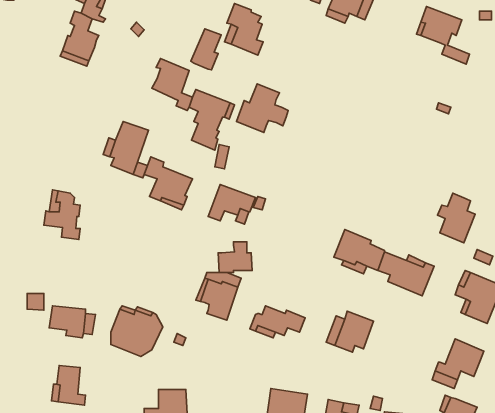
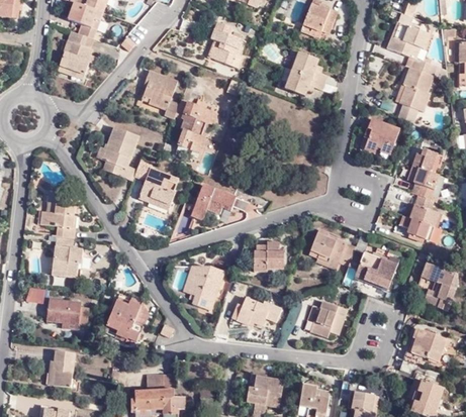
building: [191,29,221,70] -> none
building: none -> [395,65,430,112]
building: [236,84,288,133] -> [278,51,325,96]
building: none -> [362,118,399,155]
building: none -> [405,147,442,199]
building: none -> [54,234,85,278]
building: [218,242,252,273] -> [254,241,285,270]

